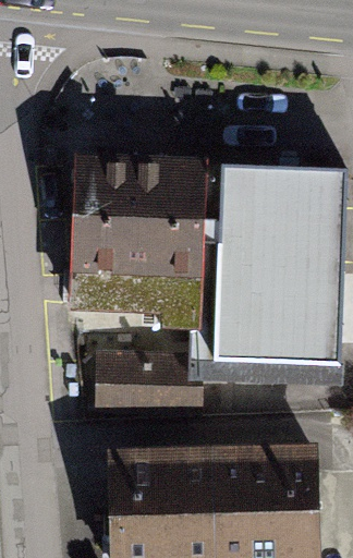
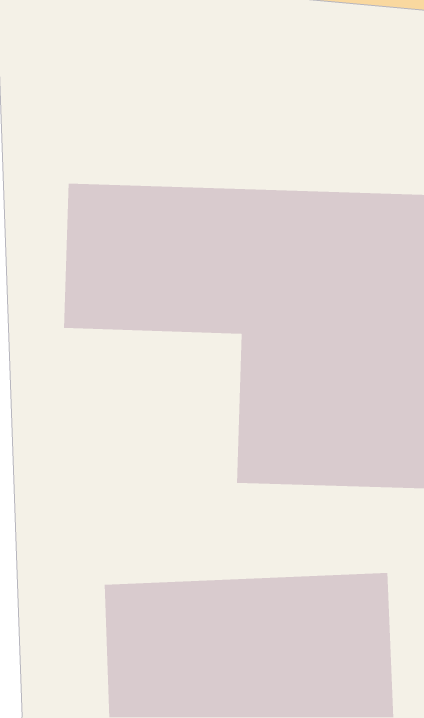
building: [100,342,184,421] -> none

